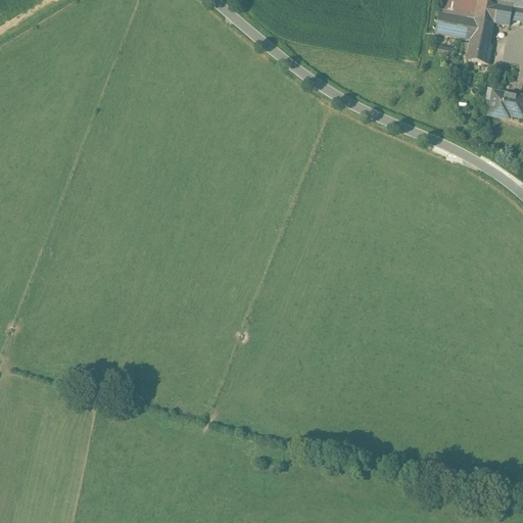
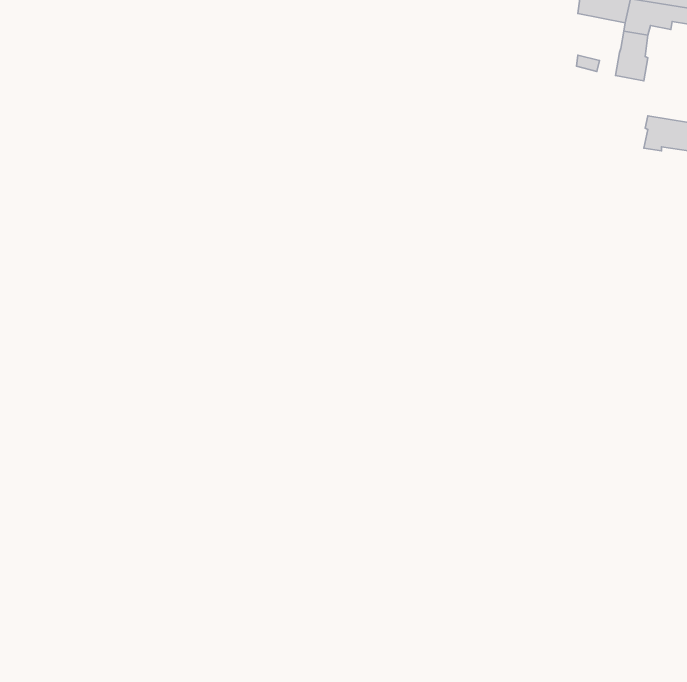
building: [436,10,475,37] -> none

